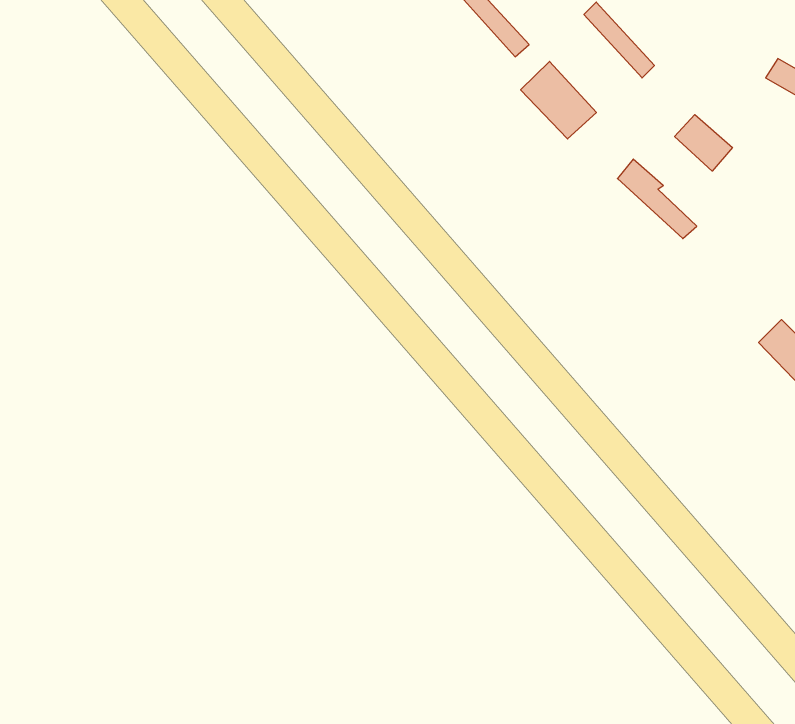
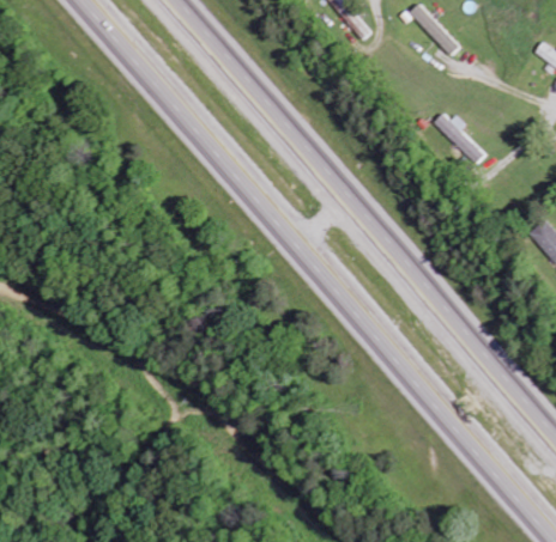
building: [521,61,596,139] -> none
building: [675,115,732,171] -> none

